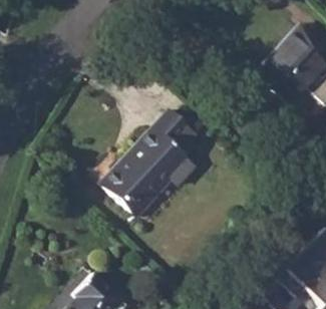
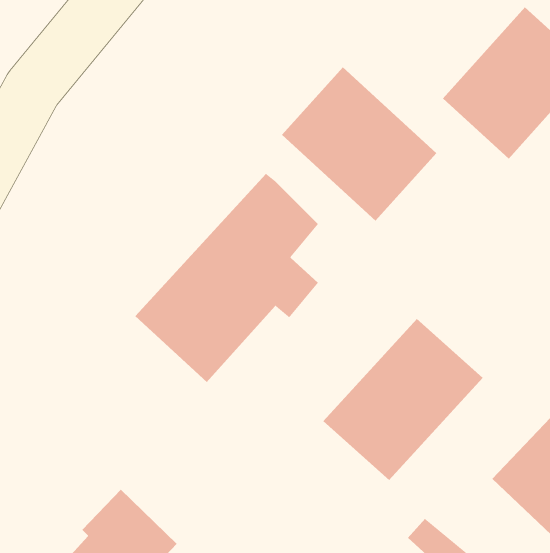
building: none -> [281,66,437,222]
building: none -> [323,318,484,481]

